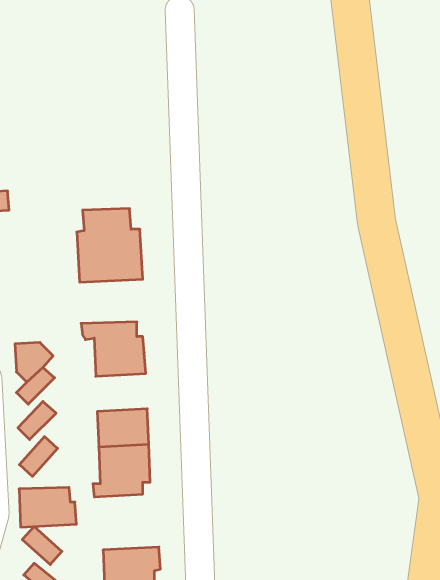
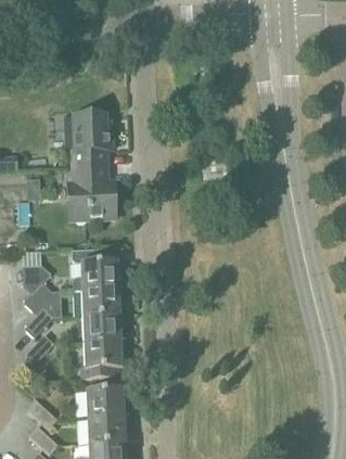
building: none -> [72,113,113,167]
building: none -> [81,288,119,316]
building: [19,487,76,527] -> [86,388,128,418]

